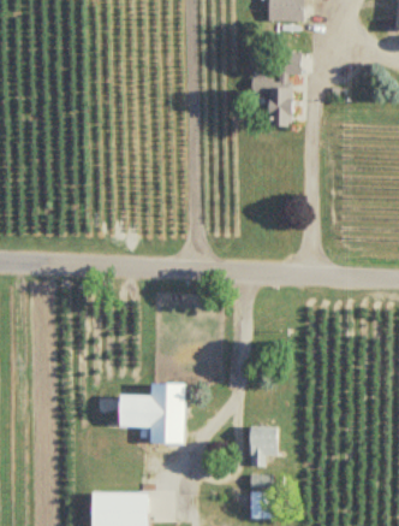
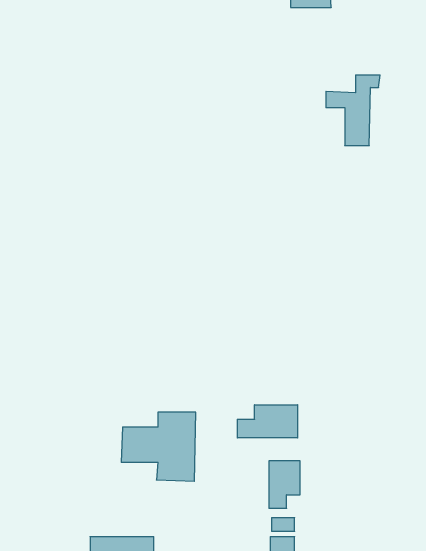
building: [252,65,300,128] -> [326,75,380,146]
building: none -> [237,405,298,438]

